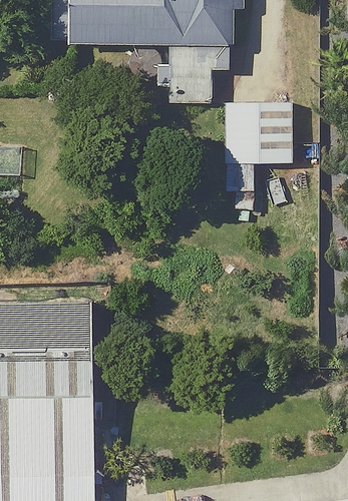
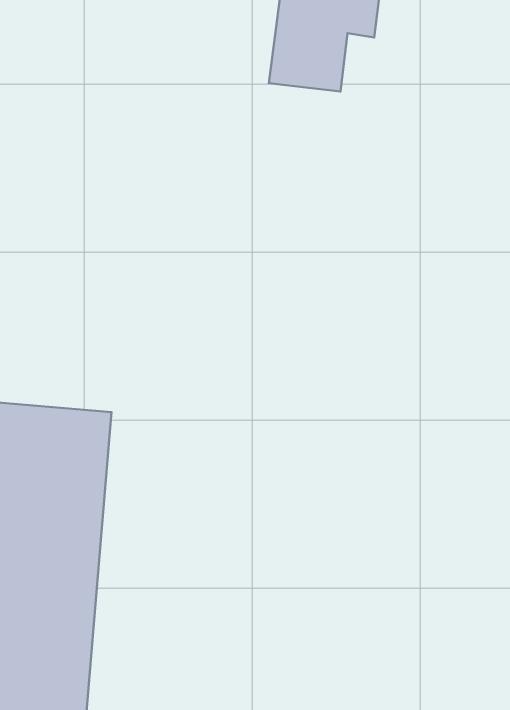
building: [226,103,290,186] -> none

